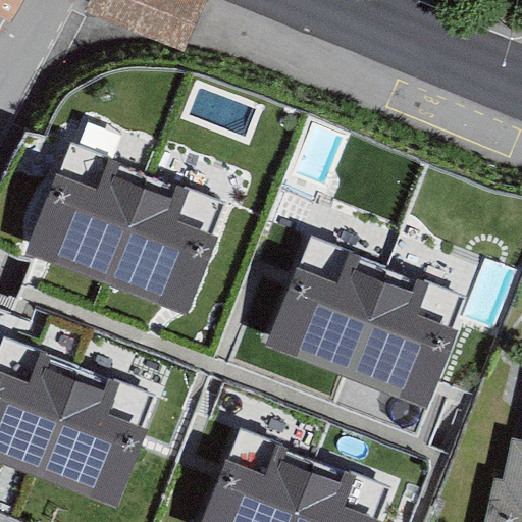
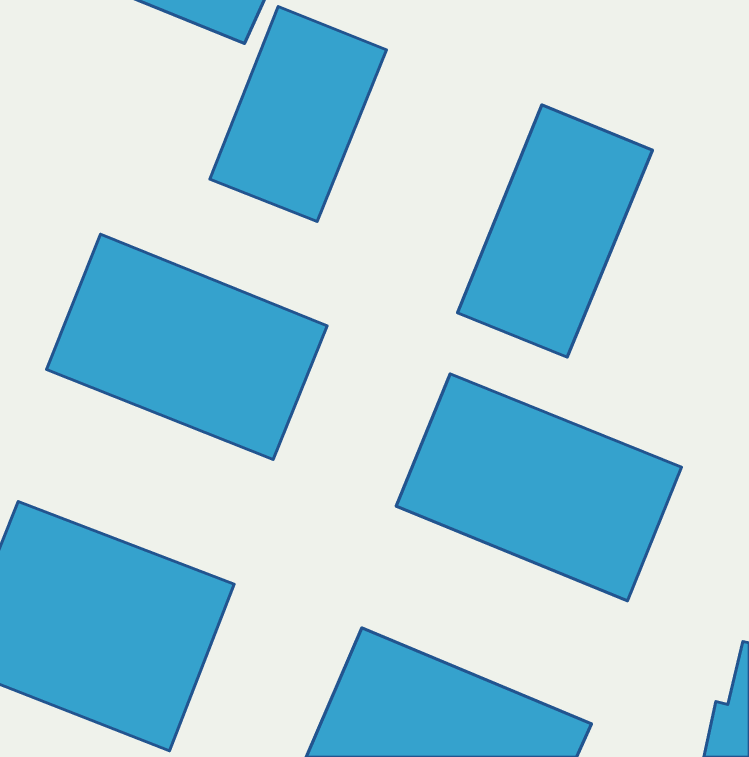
building: none -> [210,6,386,222]
building: none -> [458,105,652,357]

